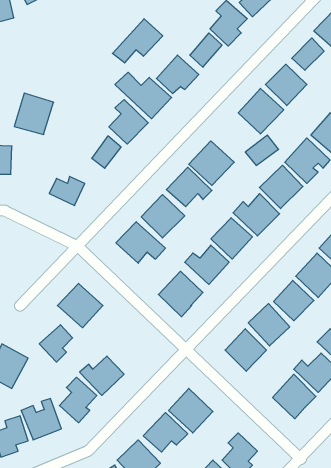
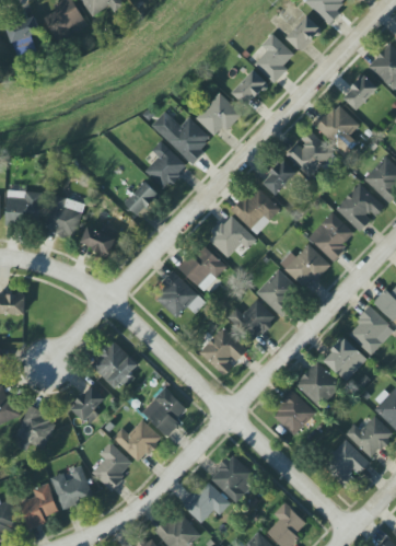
building: [112,19,163,63] -> none
building: [14,93,54,135] -> [42,194,84,239]
building: [245,135,279,165] -> [261,161,298,194]
building: none -> [141,387,186,437]

